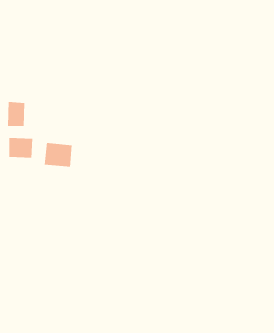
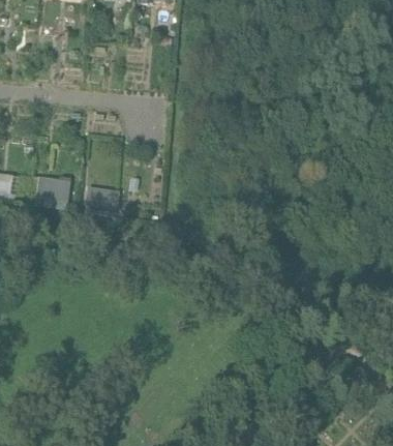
building: [7,101,25,127] -> none

